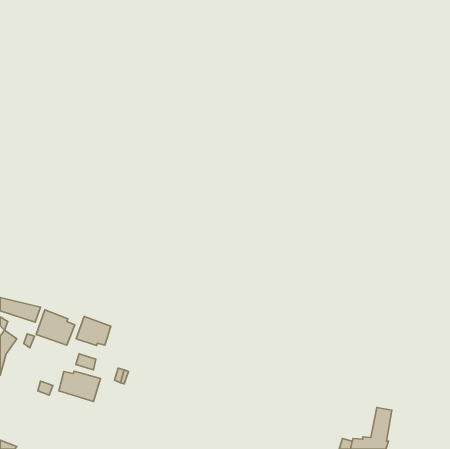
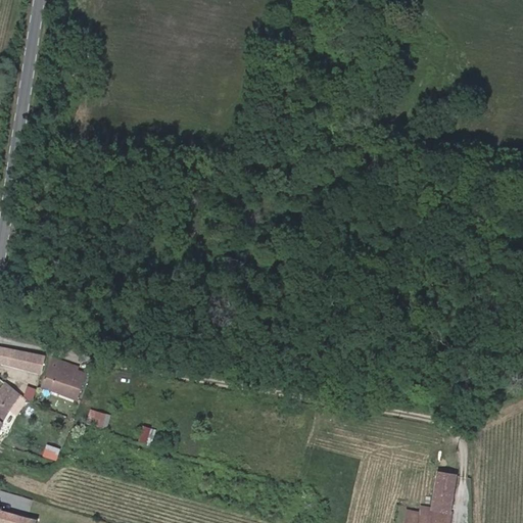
building: [76,316,111,345] -> none
building: [59,371,100,402] -> none

